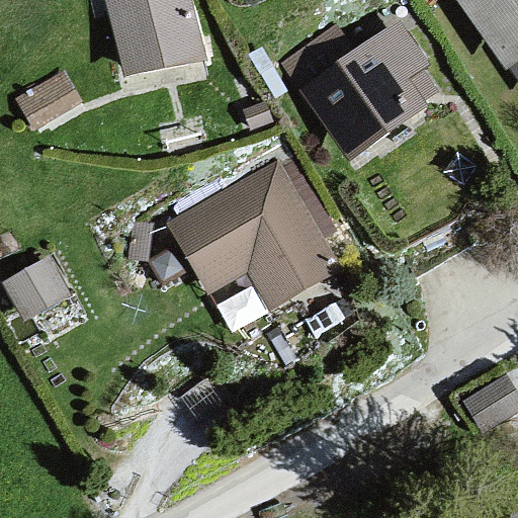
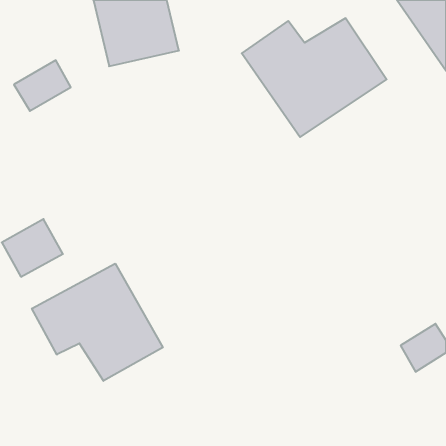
building: [167,161,341,310] -> none
building: none -> [32,264,163,381]

